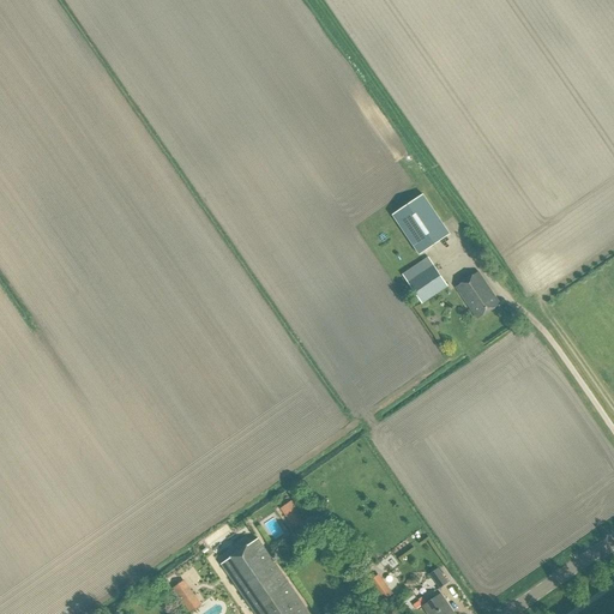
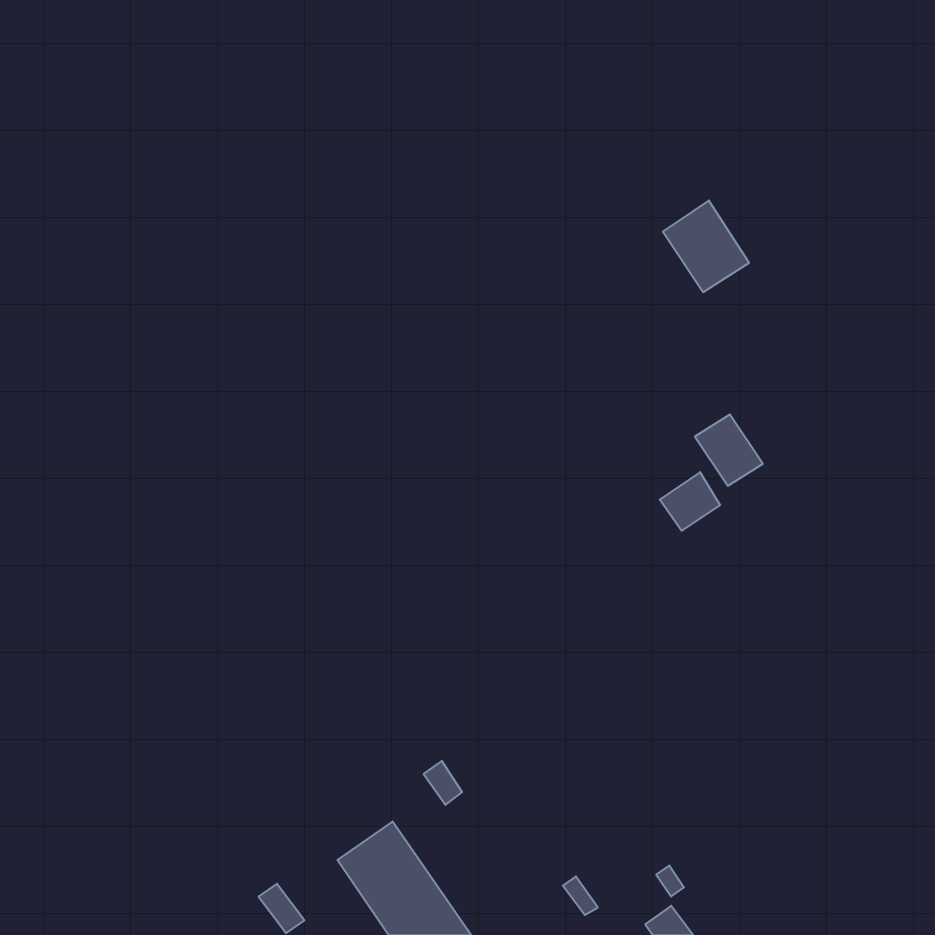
building: [392,193,449,253] -> [663,200,749,292]
building: [407,264,446,302] -> [660,472,720,531]

